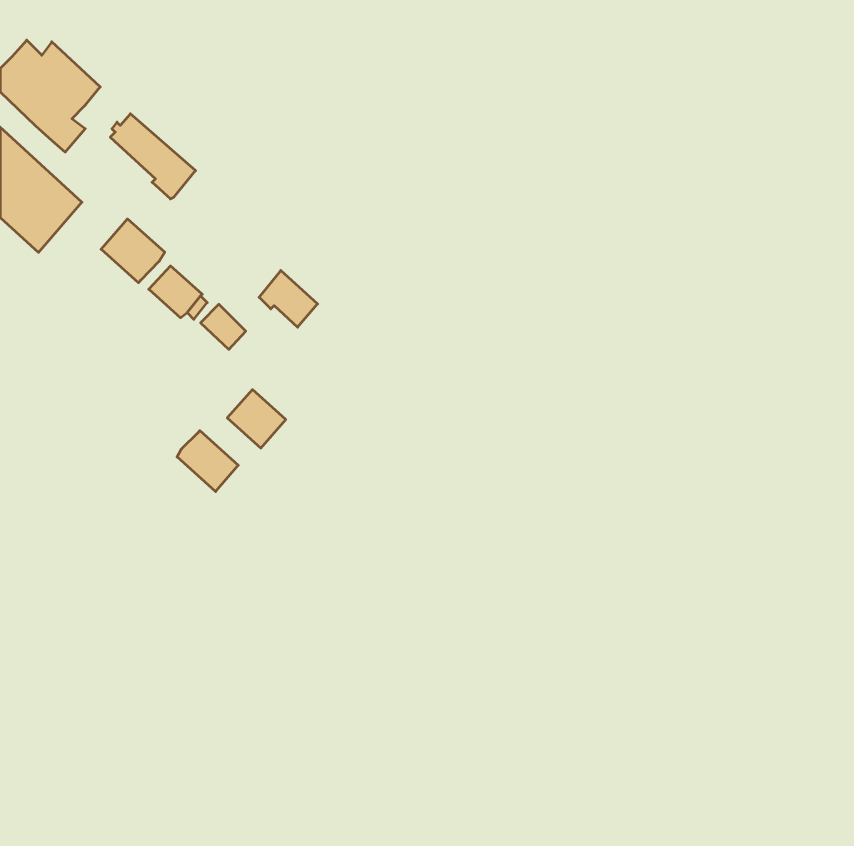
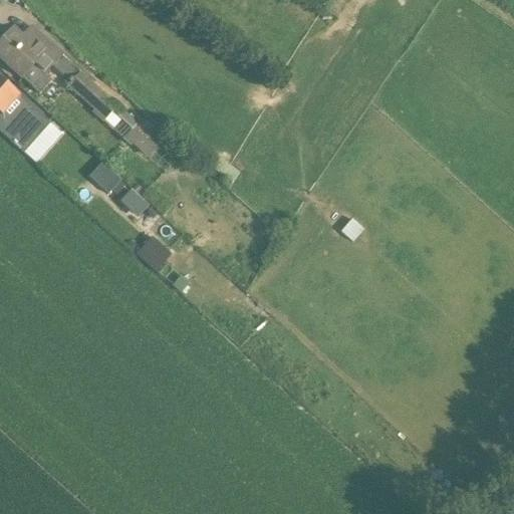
building: [101,219,165,283] -> none
building: [259,270,318,327] -> [123,119,159,154]
building: [177,431,238,492] -> none

